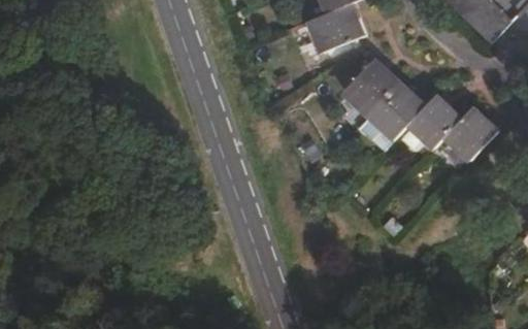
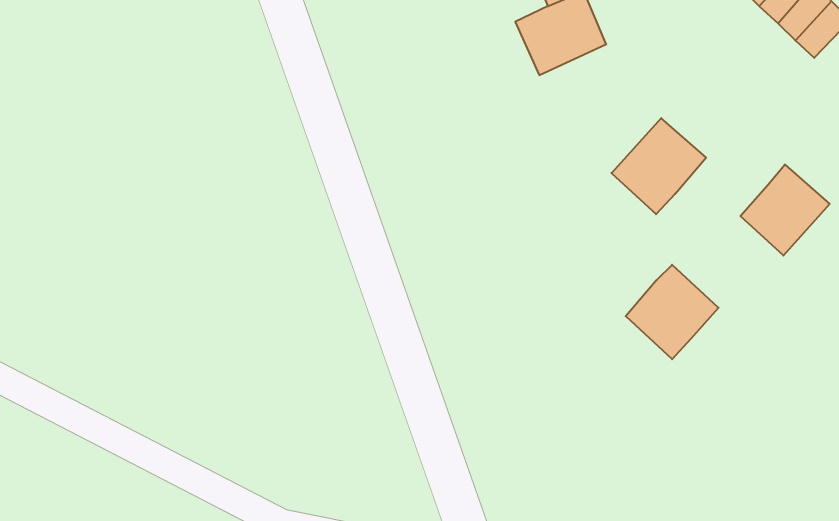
building: [343,58,397,112] -> none
building: [405,94,461,151] -> [626,265,719,359]

